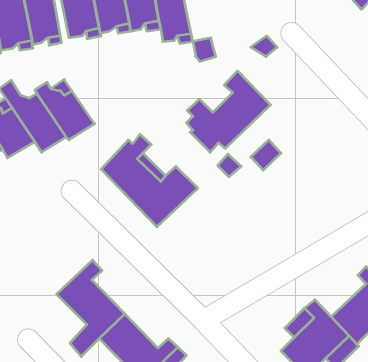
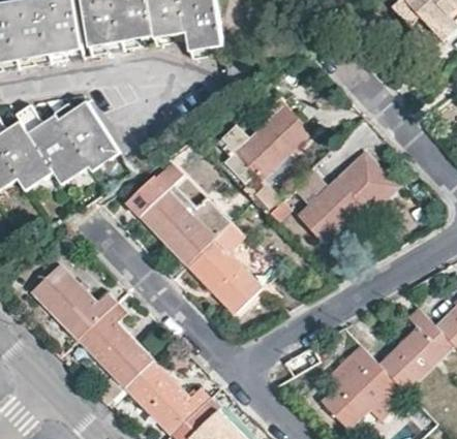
building: none -> [297,152,398,243]
building: none -> [187,222,279,313]
building: none -> [30,264,117,338]

